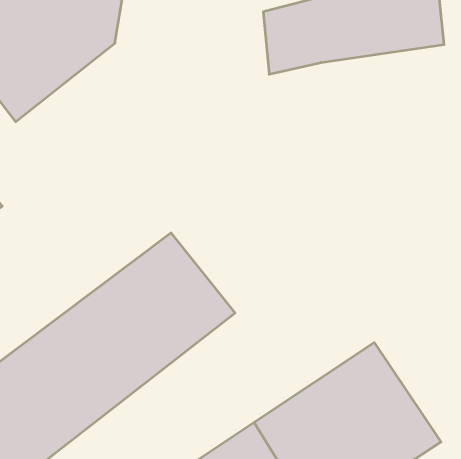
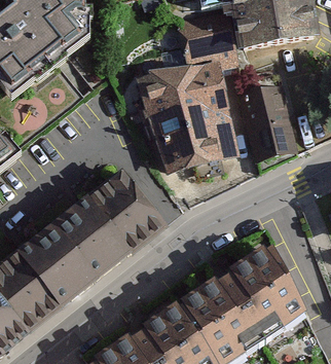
building: none -> [138,63,237,173]
building: none -> [245,82,298,155]

